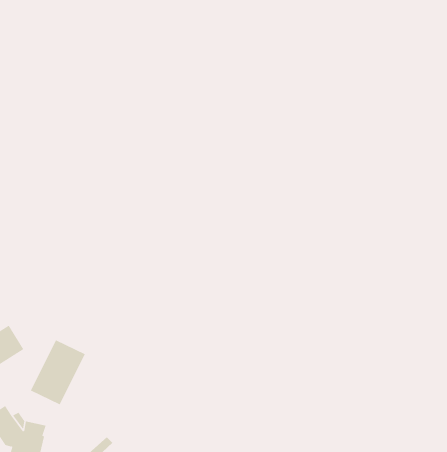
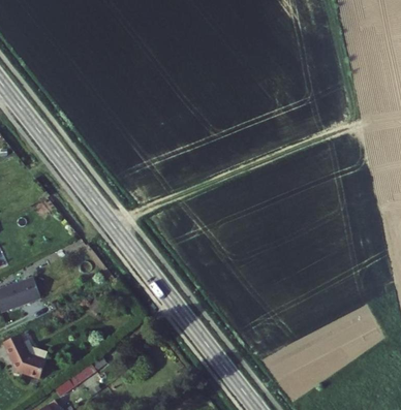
building: [30,340,85,405] -> none

